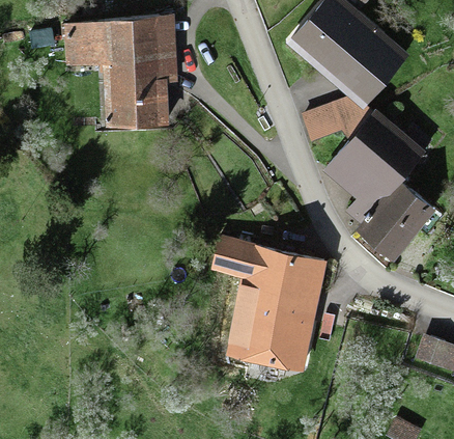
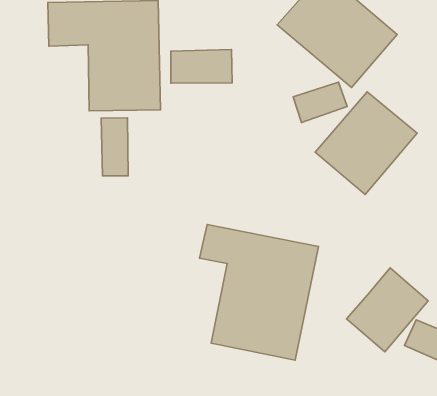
building: none -> [171,50,232,83]
building: none -> [101,118,128,176]
building: [353,183,433,265] -> [347,268,428,352]

